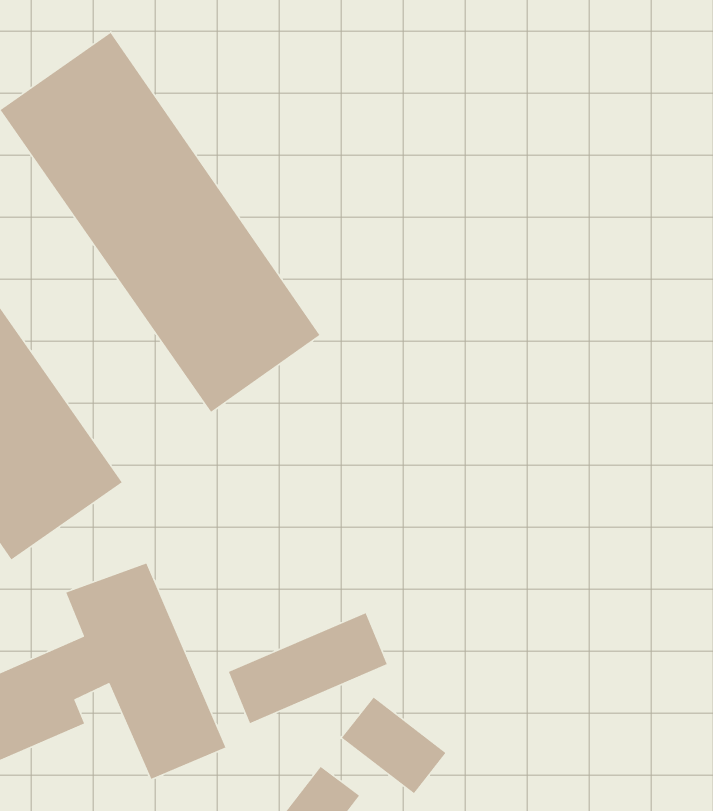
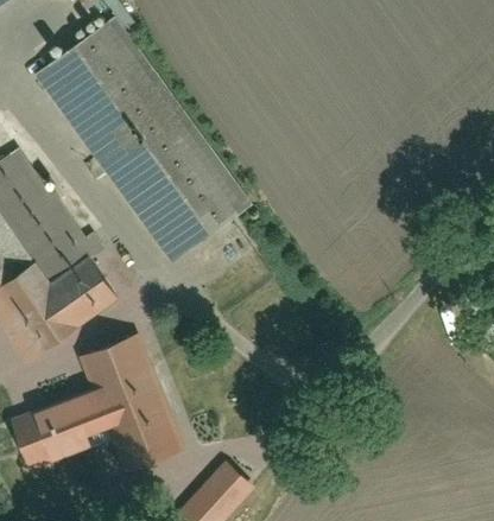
building: [228,612,388,724] -> none
building: [341,697,447,794] -> none

